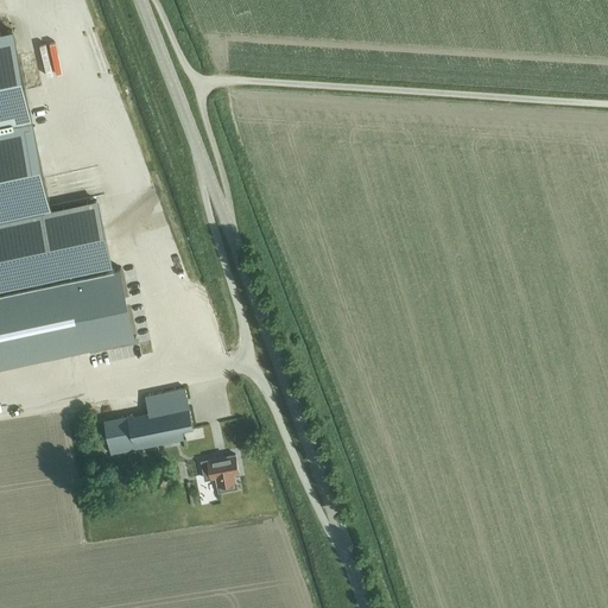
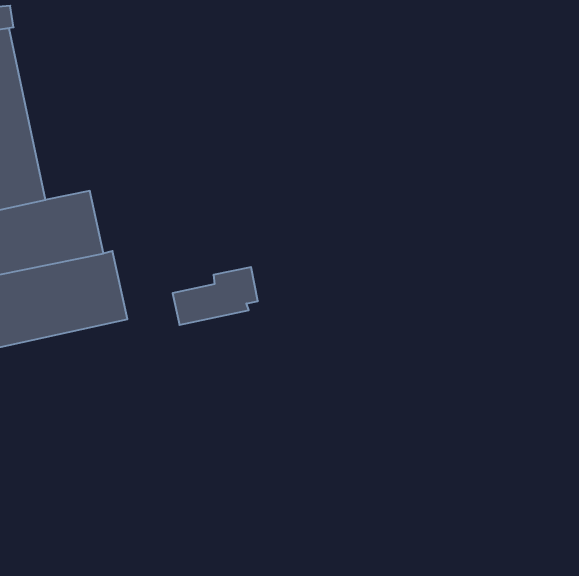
building: [101,397,190,457] -> [173,267,258,325]
building: [200,458,236,495] -> none

